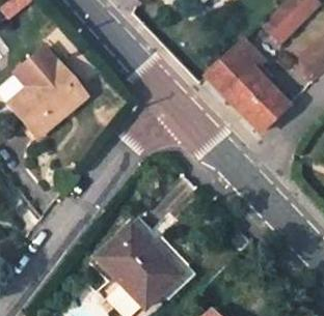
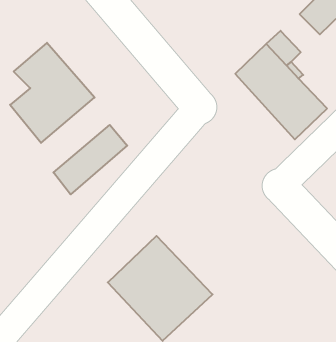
building: none -> [53,125,127,194]

